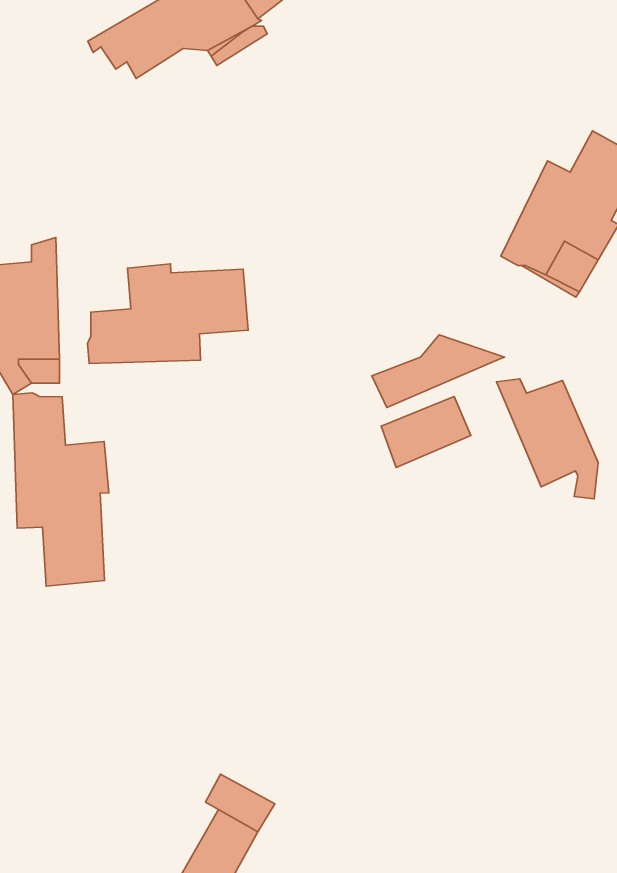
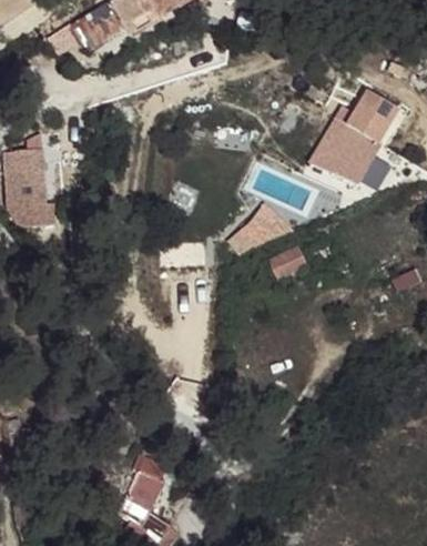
building: [88,264,248,364] -> none
building: [497,379,598,499] -> none
building: [13,393,109,586] -> none

